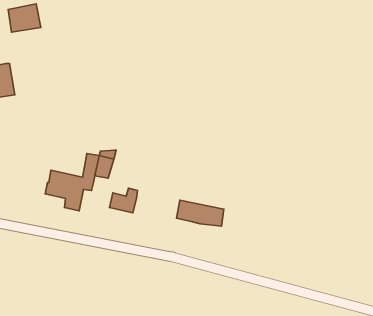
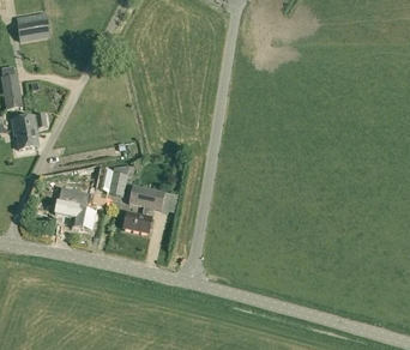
building: none -> [11,113,46,149]
building: [177,200,224,226] -> [127,183,177,211]

